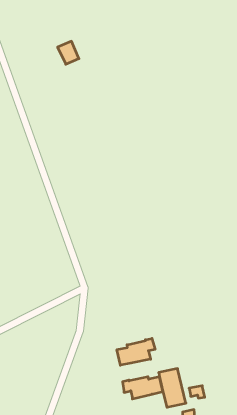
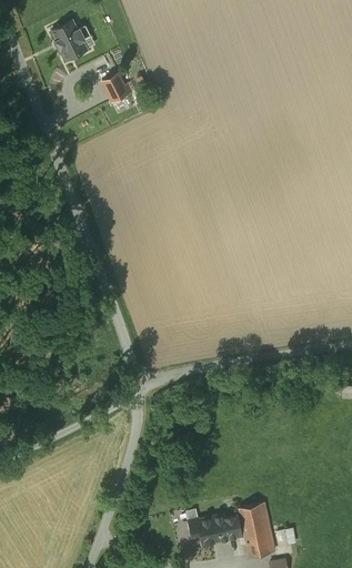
building: none -> [50,20,88,61]
building: [117,338,155,365] -> none

